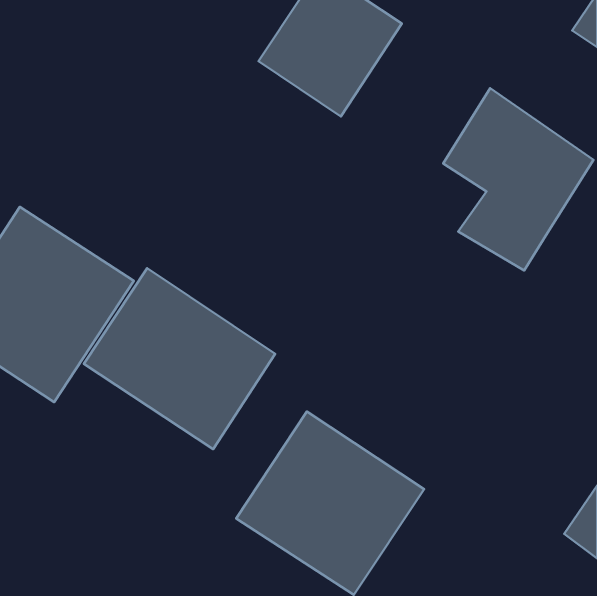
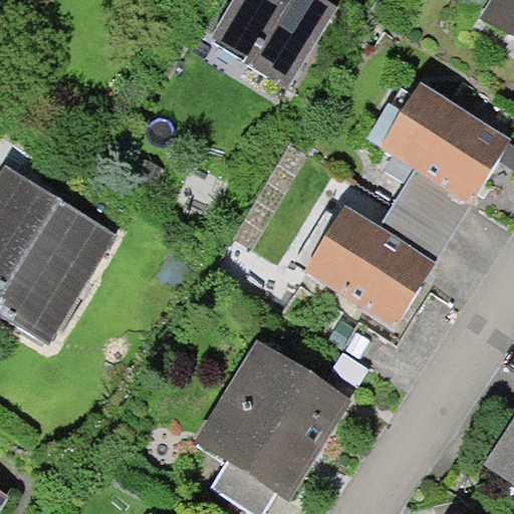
building: none -> [303,198,448,322]
building: [84,268,275,449] -> none

